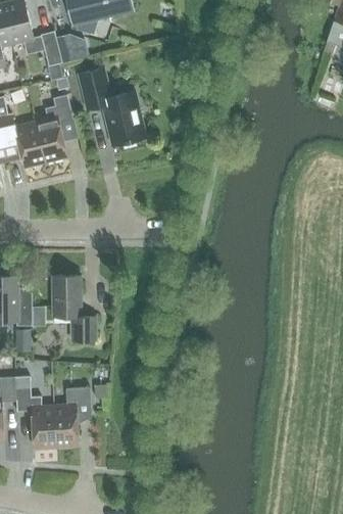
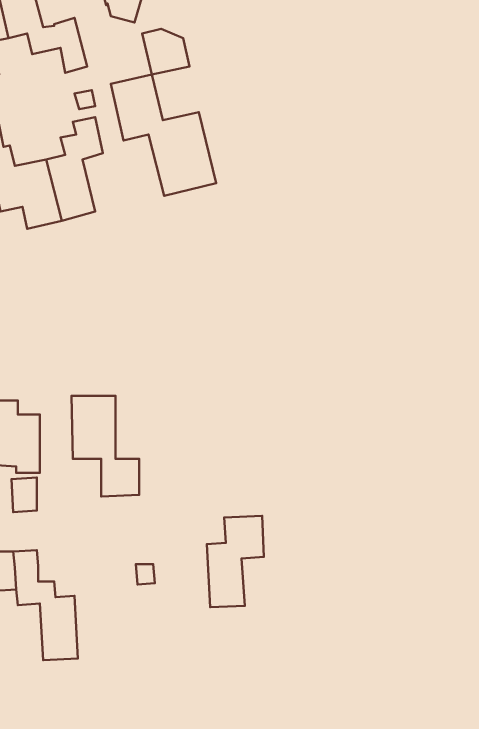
building: [56,33,87,62] -> [142,29,190,75]
building: [54,387,91,447] -> [207,516,264,607]

